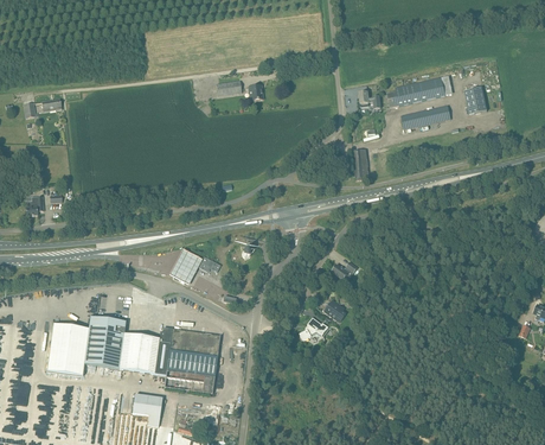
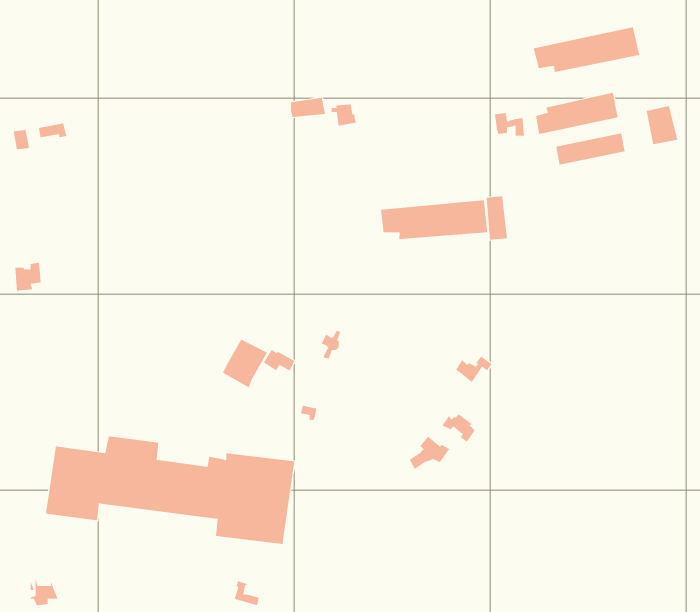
building: none -> [533,27,640,73]
building: none -> [380,200,488,240]
building: [132,393,162,432] -> none

